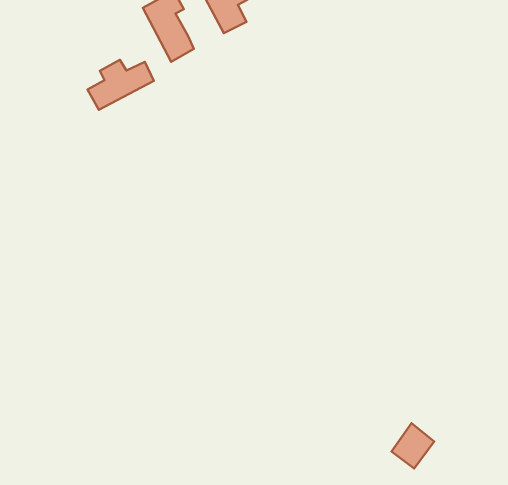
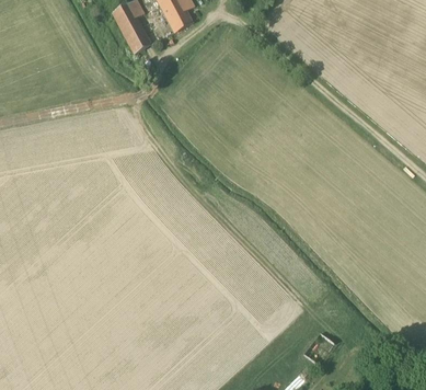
building: [88,60,154,110] -> none

